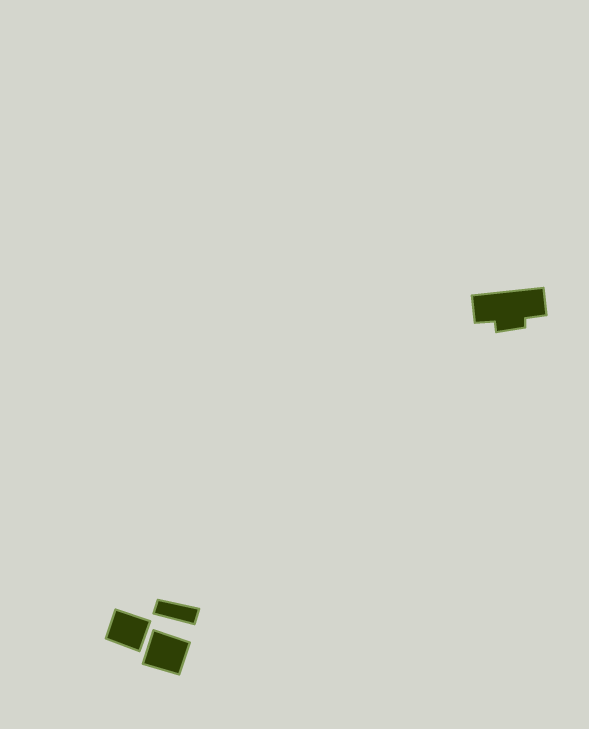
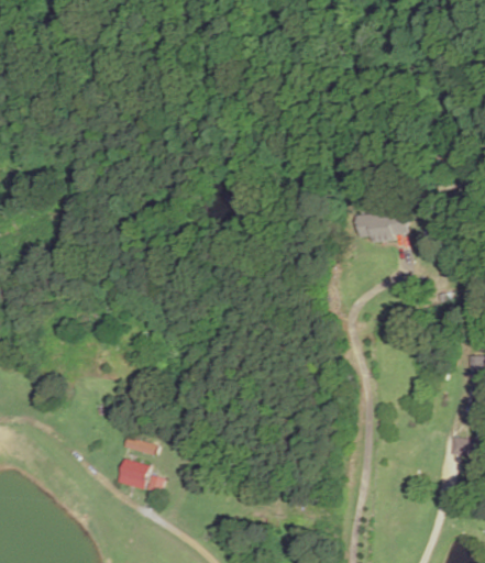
building: [106,610,150,651] -> none

